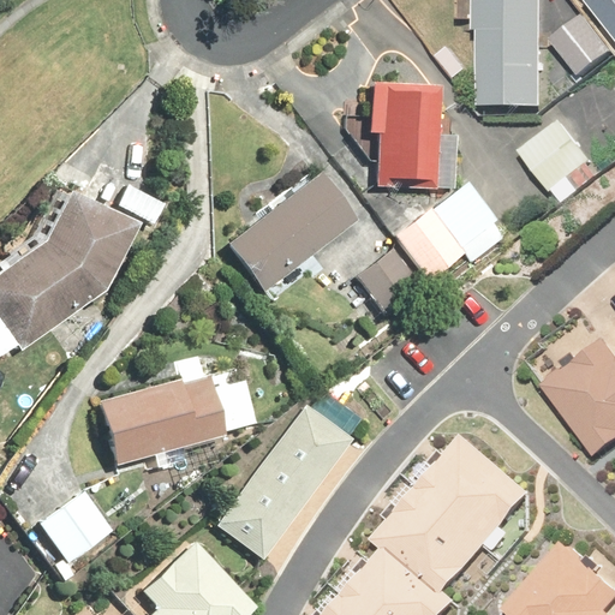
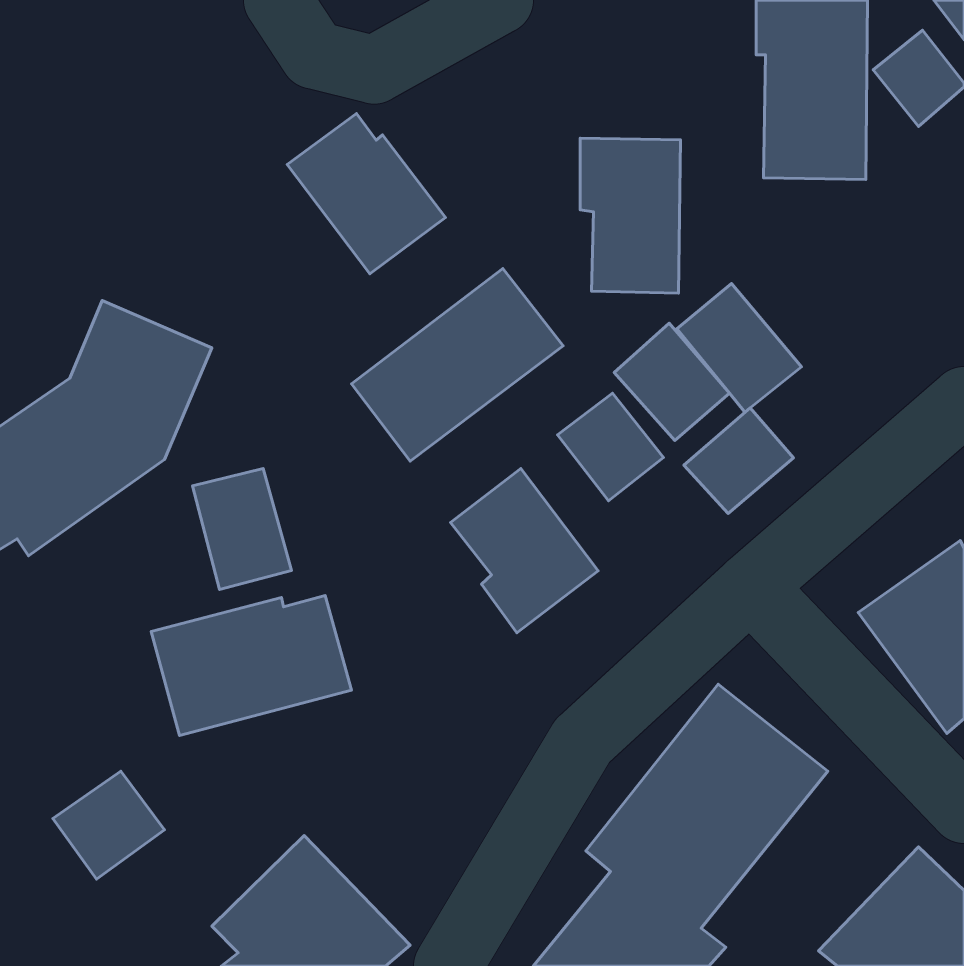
building: none -> [287,113,446,274]
building: [524,123,595,192] -> none
building: none -> [684,408,794,514]
building: none -> [451,469,598,633]
building: none -> [192,469,292,590]
building: [214,405,357,569] -> none

